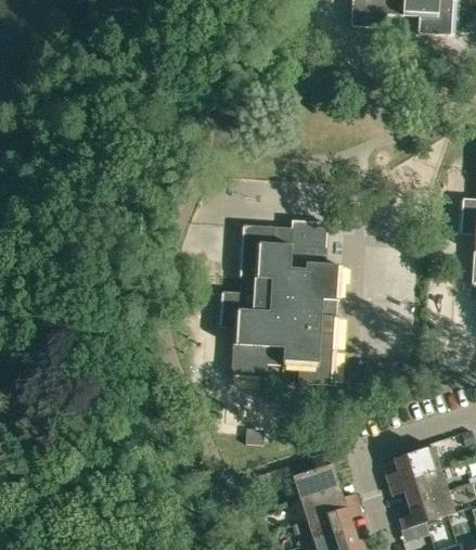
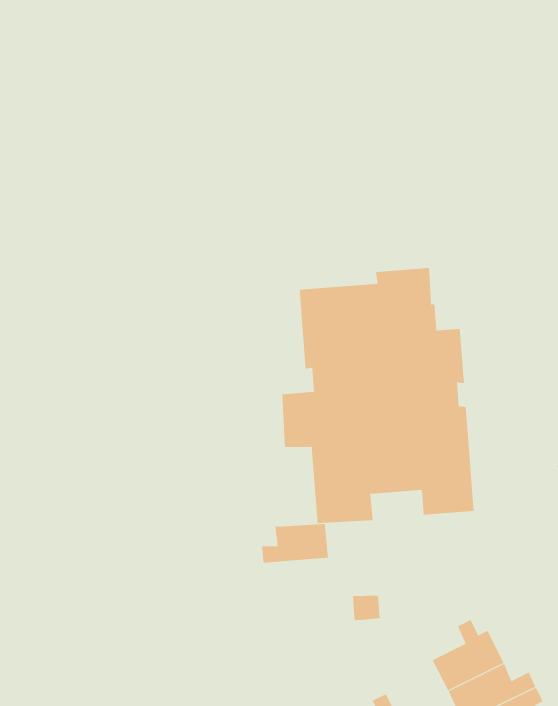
building: none -> [262,523,328,564]

